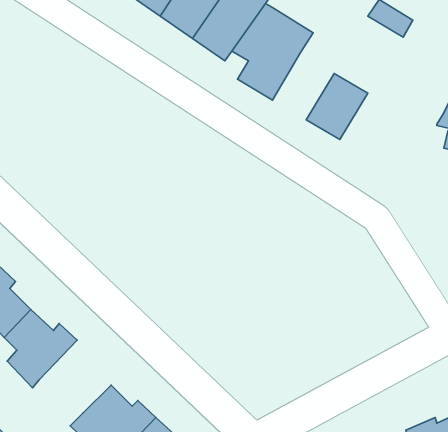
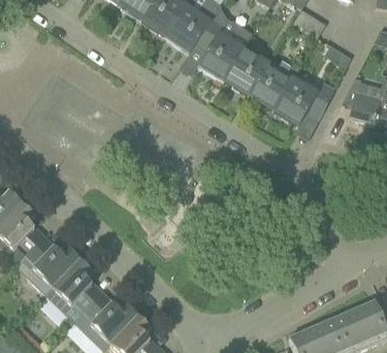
building: none -> [223,46,268,96]
building: none -> [272,76,335,126]
building: none -> [46,258,104,312]

